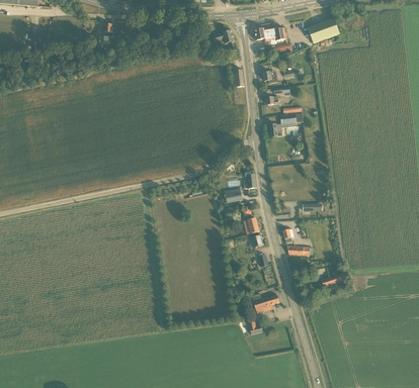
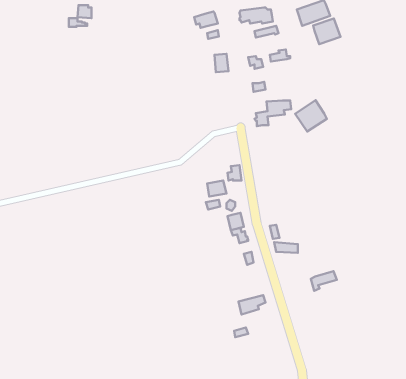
building: none -> [313,19,340,44]
building: none -> [295,100,327,131]

